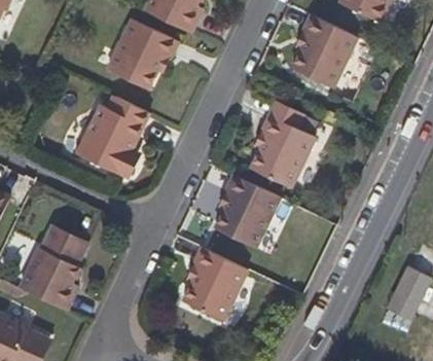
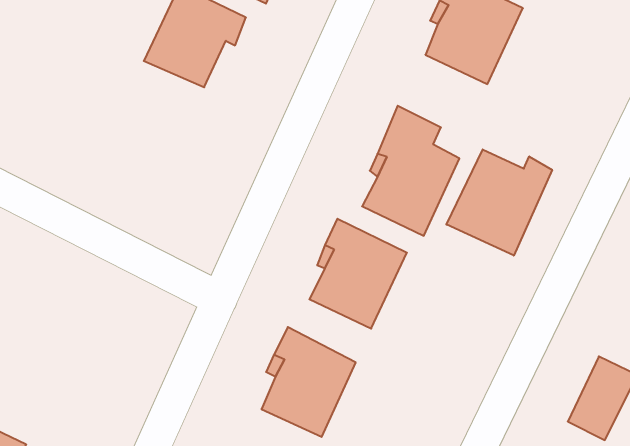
building: [76,96,147,171] -> none
building: none -> [446,149,552,256]
building: [21,230,84,312] -> none

